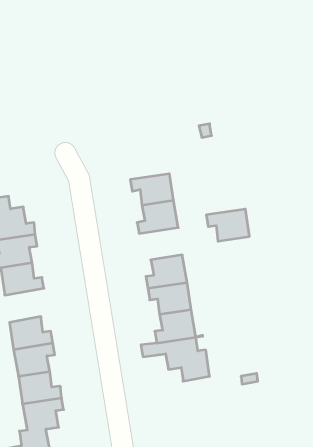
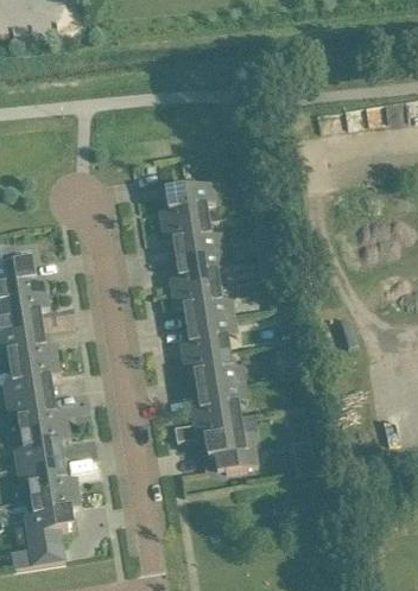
building: none -> [158,183,208,224]
building: [206,209,249,241] -> [171,282,223,322]
building: none -> [8,356,58,398]

